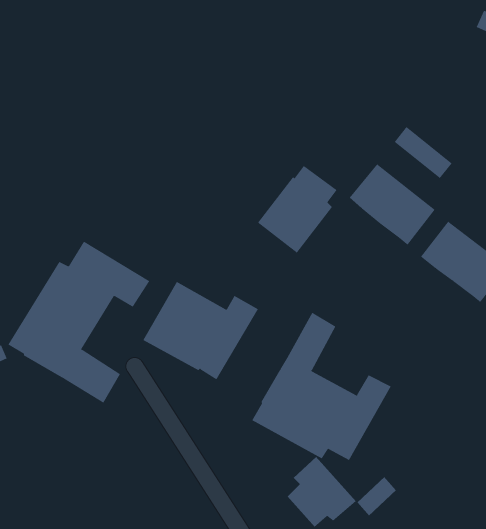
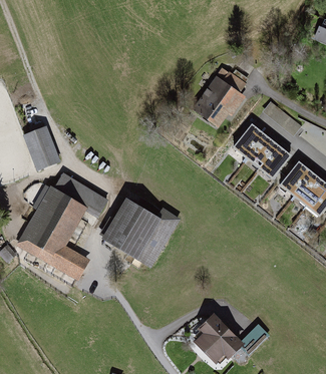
building: [257,165,338,254] -> [193,69,245,126]
building: none -> [23,126,58,169]
building: [252,312,391,461] -> none

